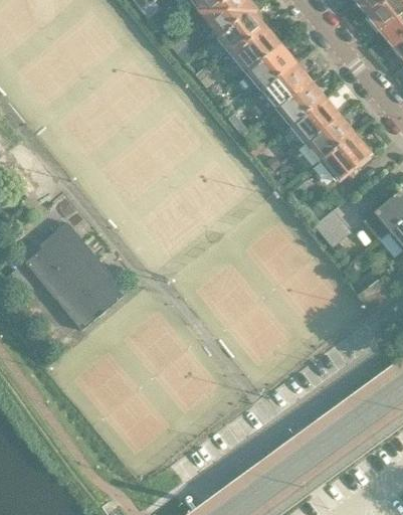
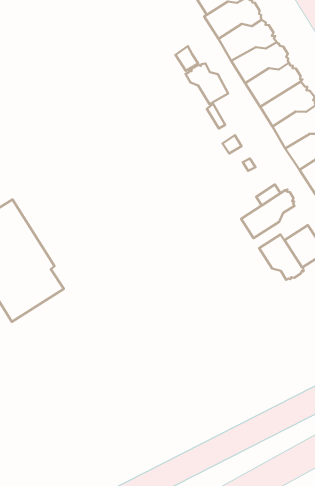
building: none -> [185,64,228,104]
building: none -> [241,190,294,238]
building: none -> [259,234,304,280]

